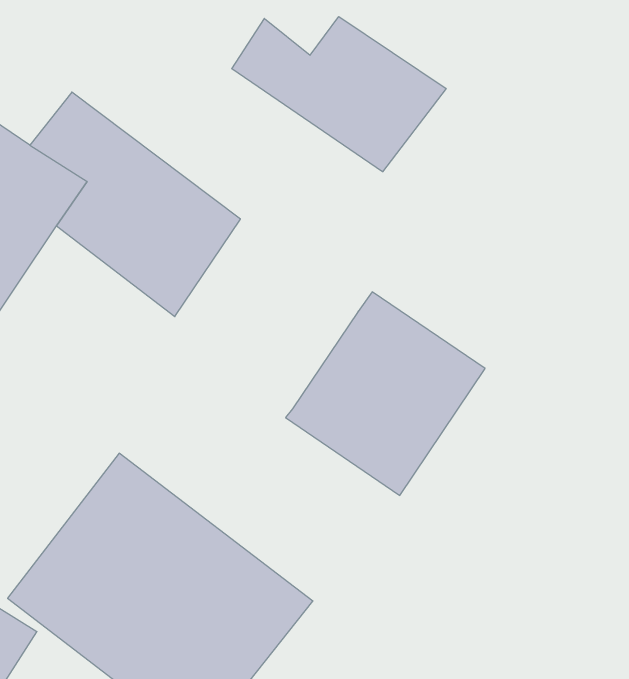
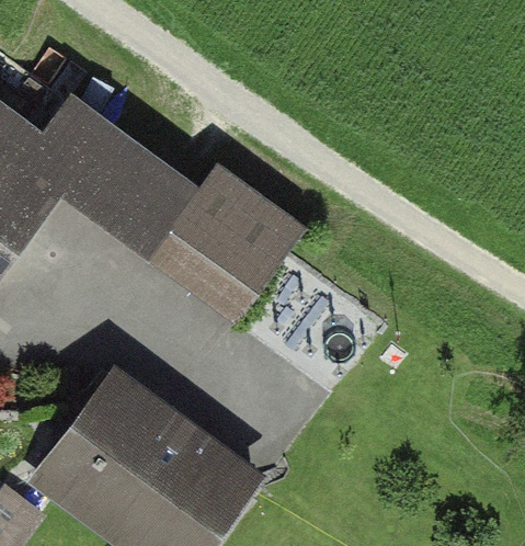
building: [232,17,446,172] -> none
building: [286,292,485,495] -> [149,168,306,328]

